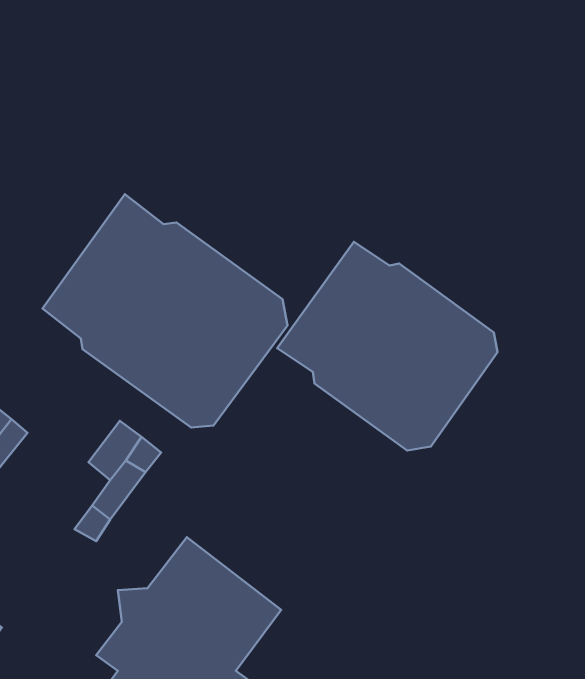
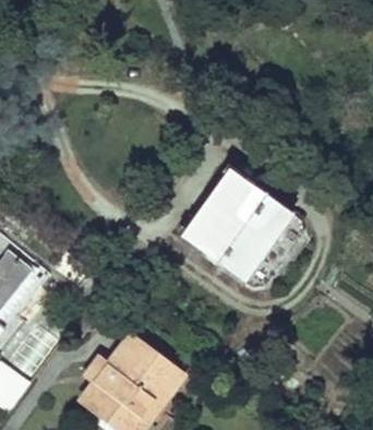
building: [42,194,287,427] -> none

